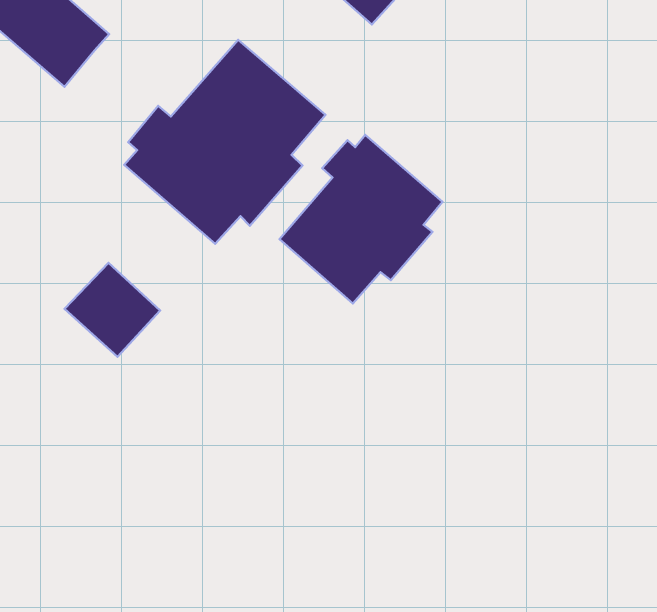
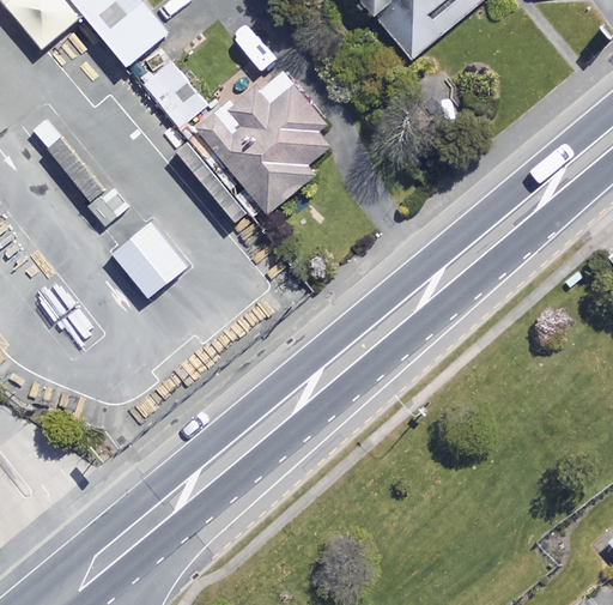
building: none -> [142,59,212,133]
building: [280,135,442,303] -> none

